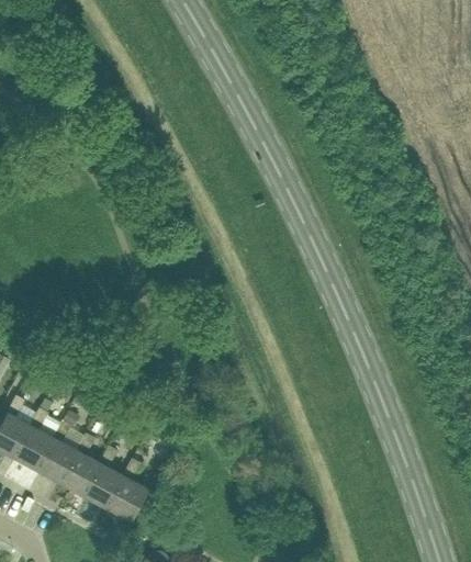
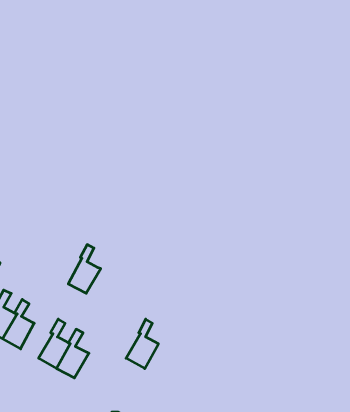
building: [35,422,77,484] -> [68,245,101,293]
building: [104,459,146,522] -> [126,319,158,369]

